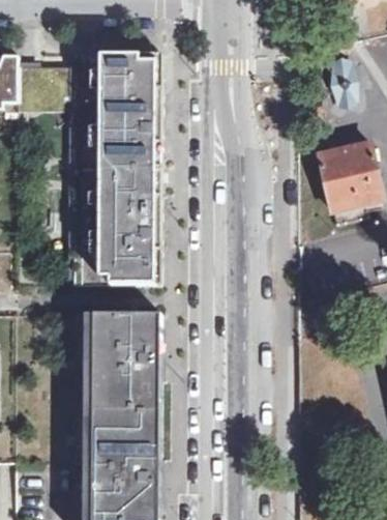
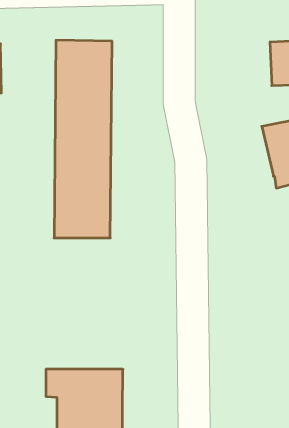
building: [77,311,166,429] -> none

